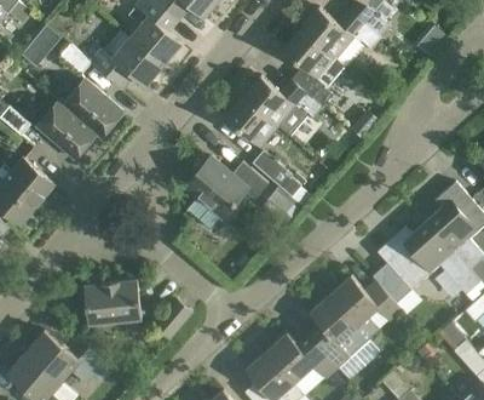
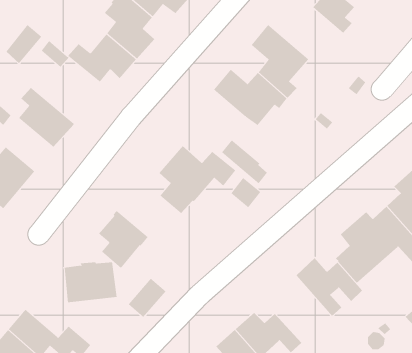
building: [301,7,381,57] -> none
building: [50,79,123,137] -> none
building: [225,97,277,147] -> none
building: none -> [98,210,149,269]
building: [309,295,369,366] -> none

